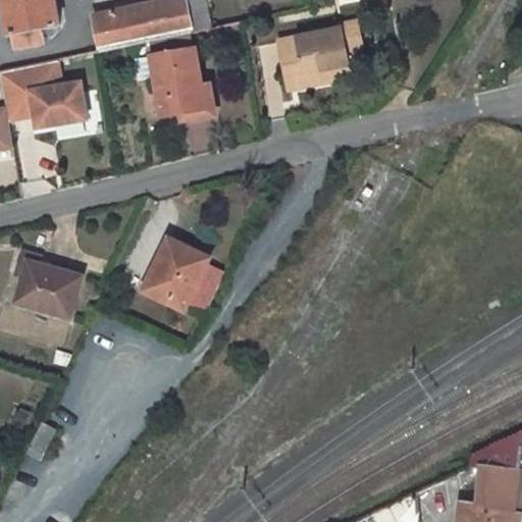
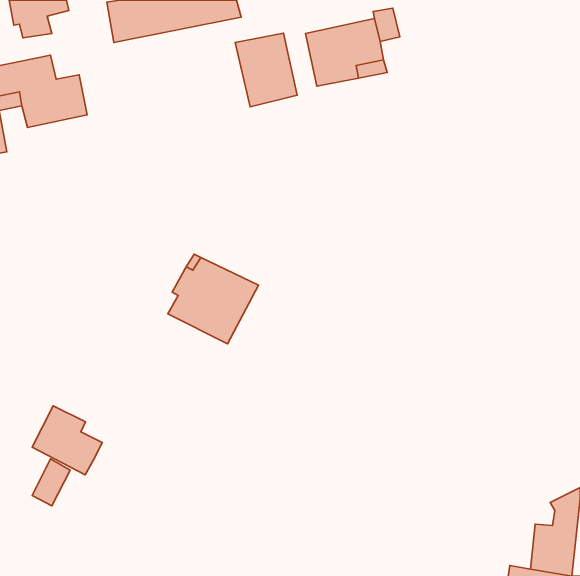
building: [145,48,200,113] -> [235,33,297,107]
building: [20,255,86,313] -> none
building: none -> [32,406,102,475]

